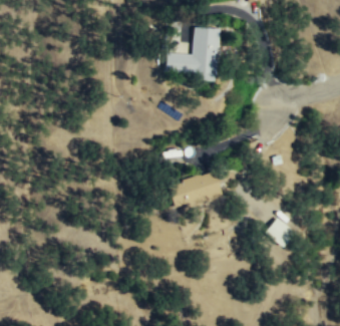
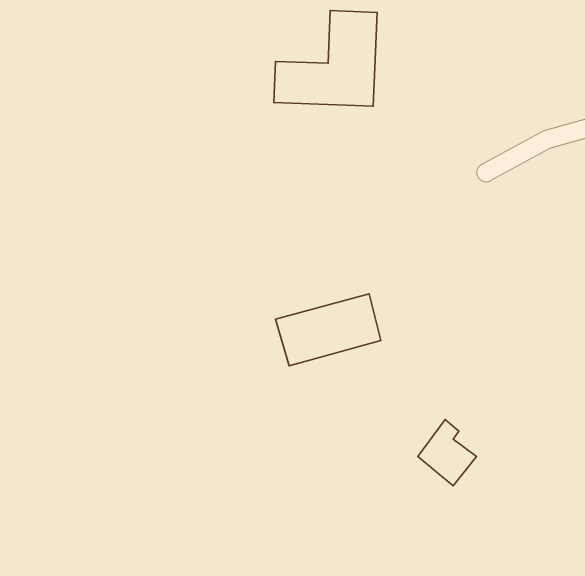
building: [264,214,294,248] -> [418,420,476,486]

